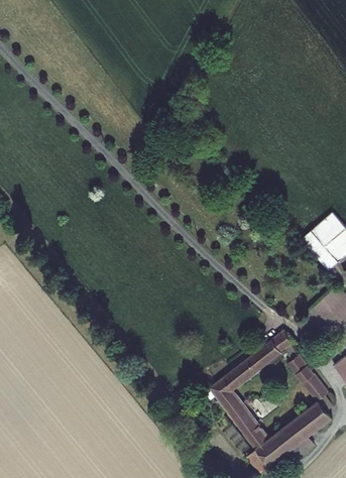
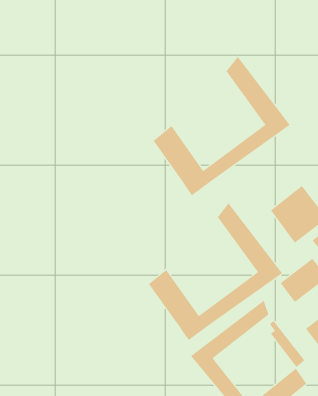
building: none -> [153,56,291,196]
building: none -> [148,202,283,341]

